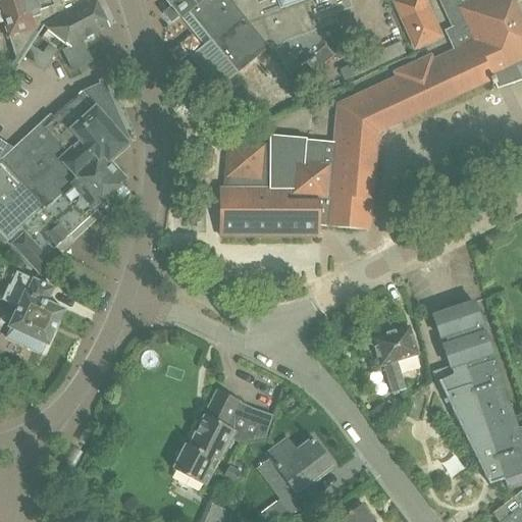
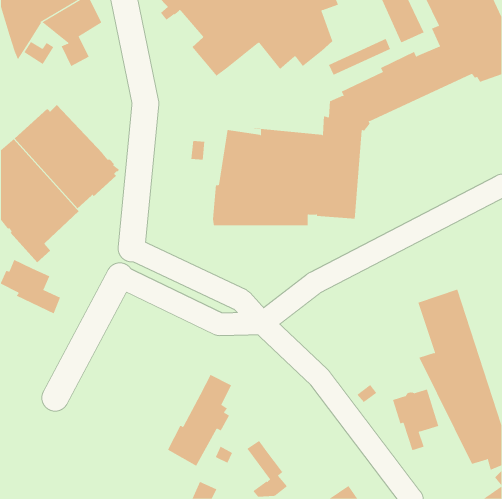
building: [59,81,127,159] -> none
building: [6,307,56,351] -> none
building: [372,326,421,390] -> [392,389,439,451]
building: [238,407,272,440] -> none
building: [266,436,331,490] -> none

